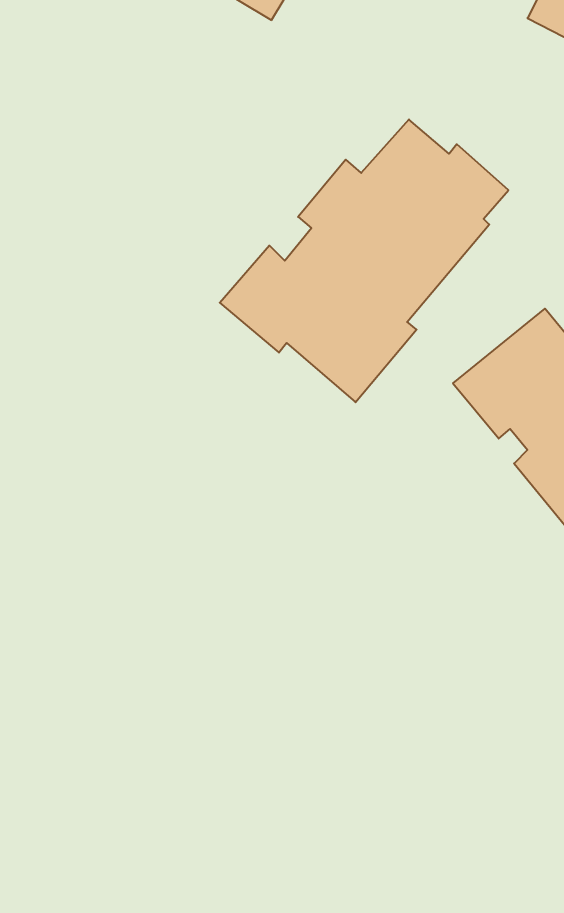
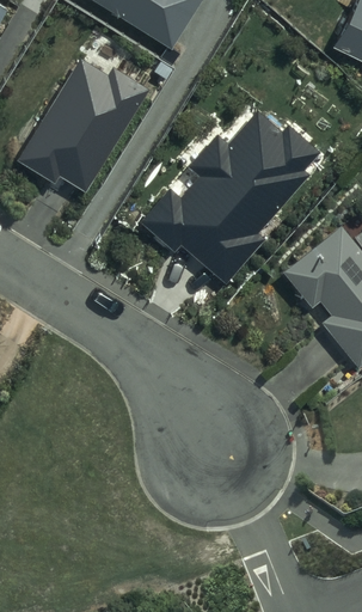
building: none -> [17,56,149,190]

